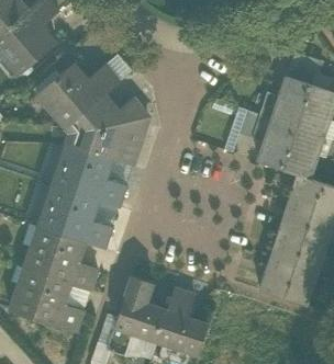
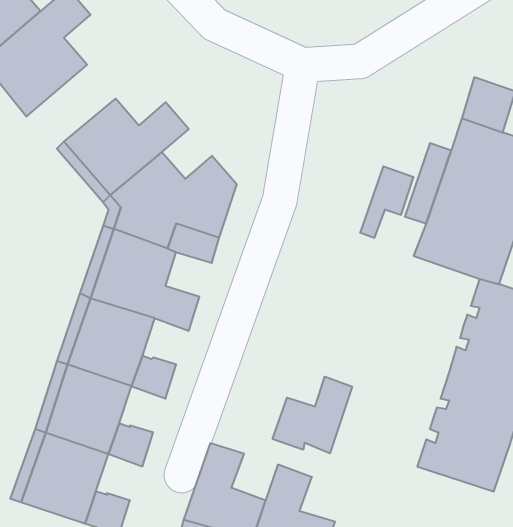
building: none -> [273,377,352,453]

